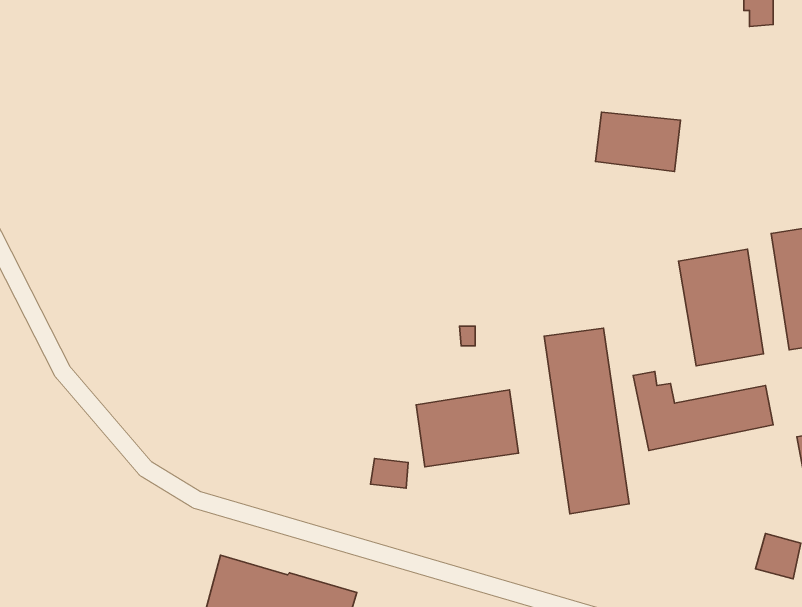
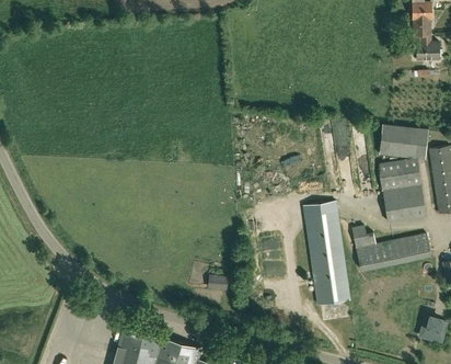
building: none -> [414,33,439,59]
building: [596,112,680,171] -> [380,125,427,158]
building: [416,390,519,467] -> none

